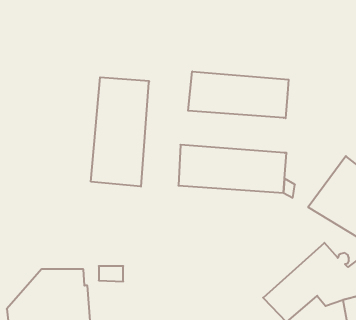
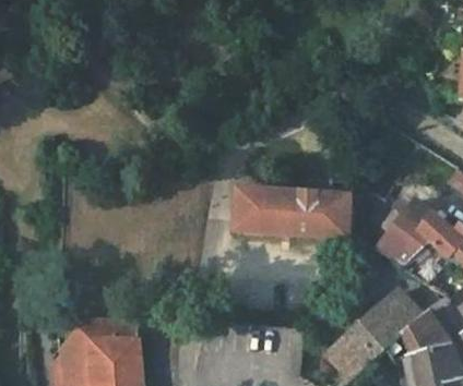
building: [188,71,289,118] -> none
building: [91,77,149,187] -> none

